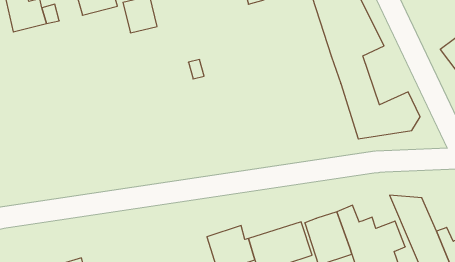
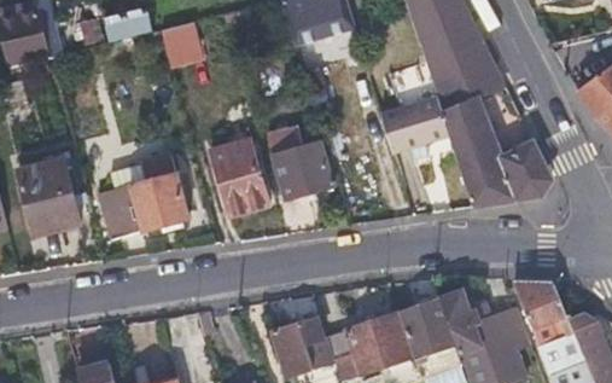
building: none -> [375,97,447,151]
building: none -> [268,130,331,203]
building: none -> [209,144,266,217]
building: none -> [97,147,183,239]
building: none -> [17,155,77,230]

